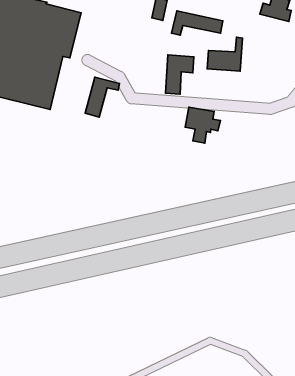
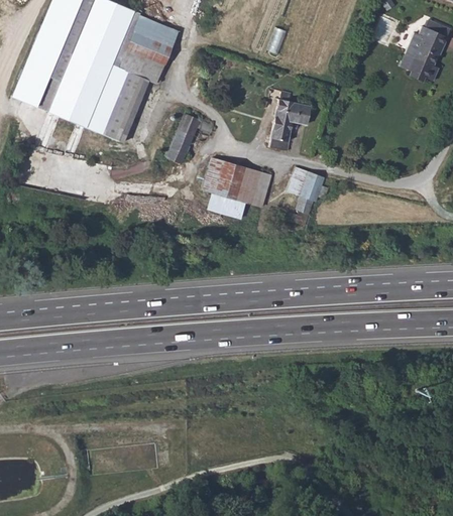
building: [172,11,223,35] -> none
building: [207,37,243,71] -> none
building: none -> [202,157,271,220]

